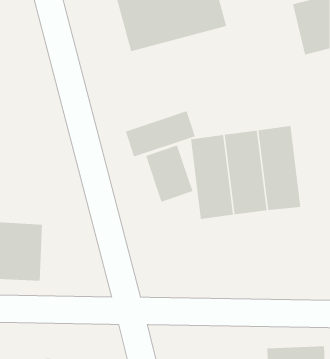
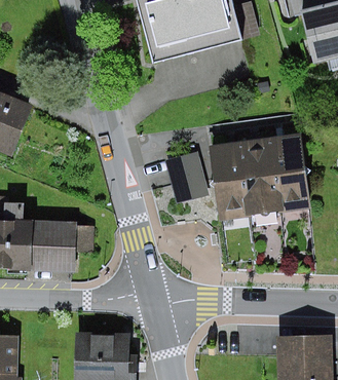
building: [125,110,196,158] -> none

